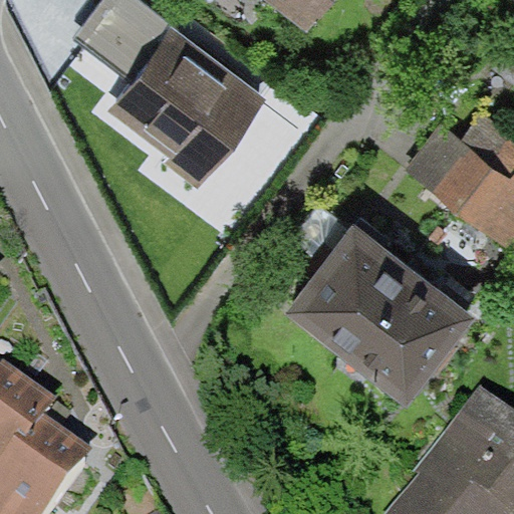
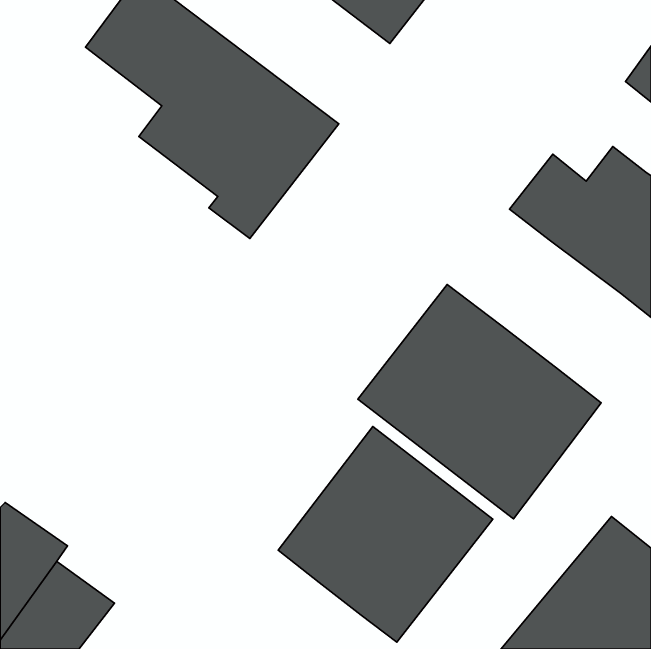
building: none -> [278,427,493,642]

